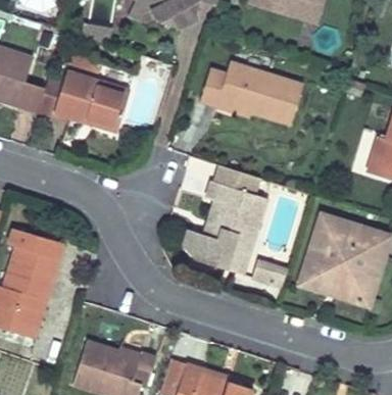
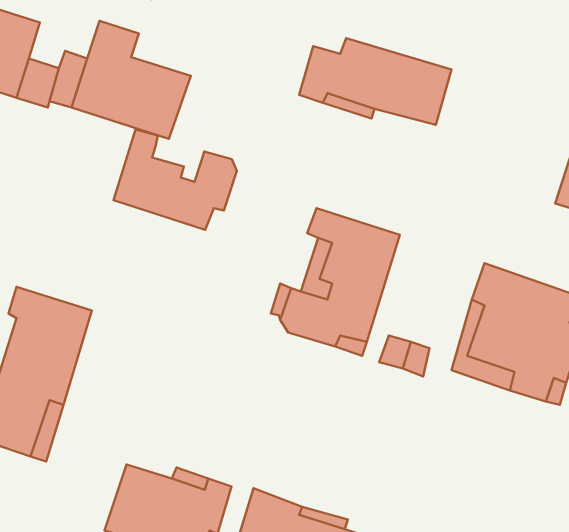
building: none -> [113,130,237,230]

